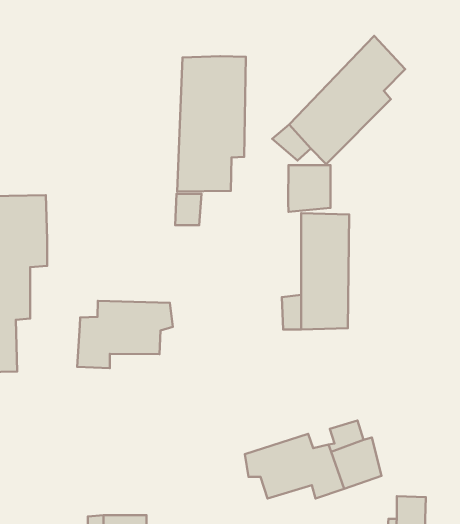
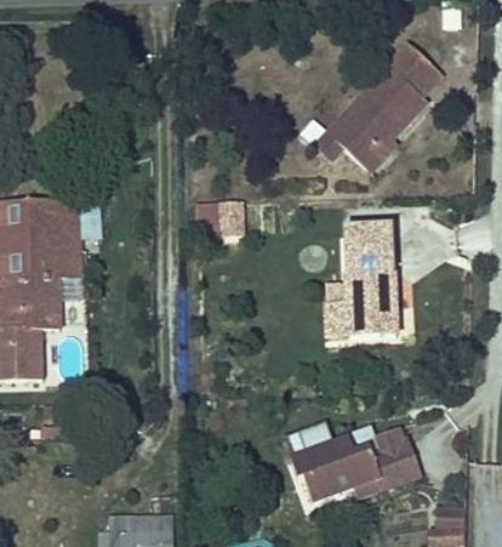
building: [177,56,246,192] -> none
building: [288,165,331,212] -> none
building: [77,301,173,368] -> none

